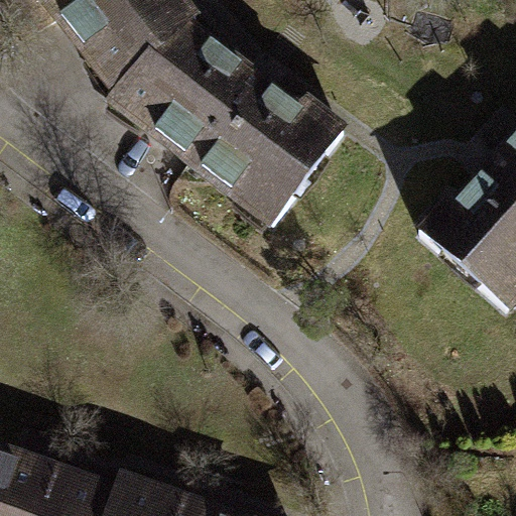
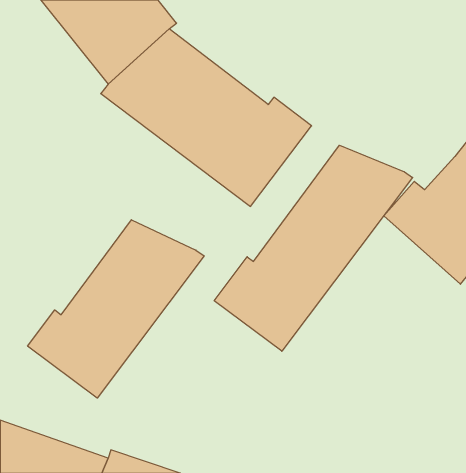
building: none -> [214,145,413,351]
building: none -> [28,220,204,398]

